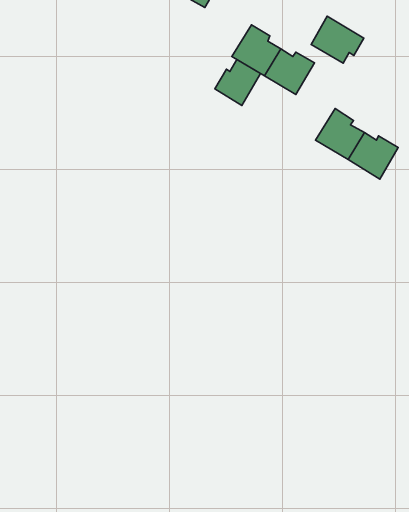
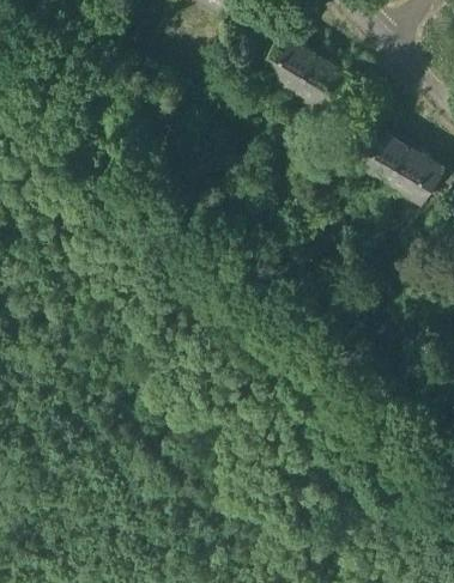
building: [311,16,364,63] -> none
building: [215,59,261,105] -> none

